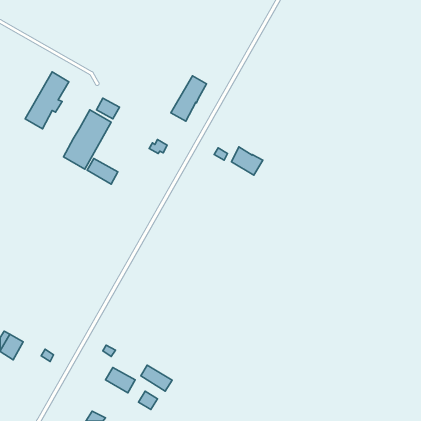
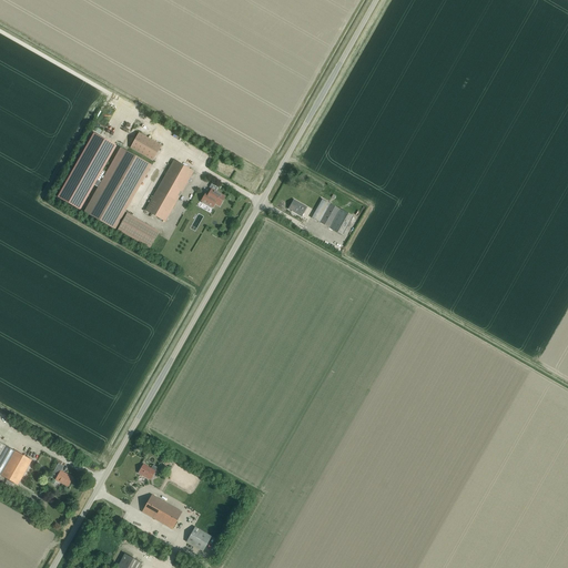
building: [25,72,69,129] -> [58,132,116,209]
building: [171,76,206,121] -> [145,160,193,221]
building: [141,365,172,391] -> none

